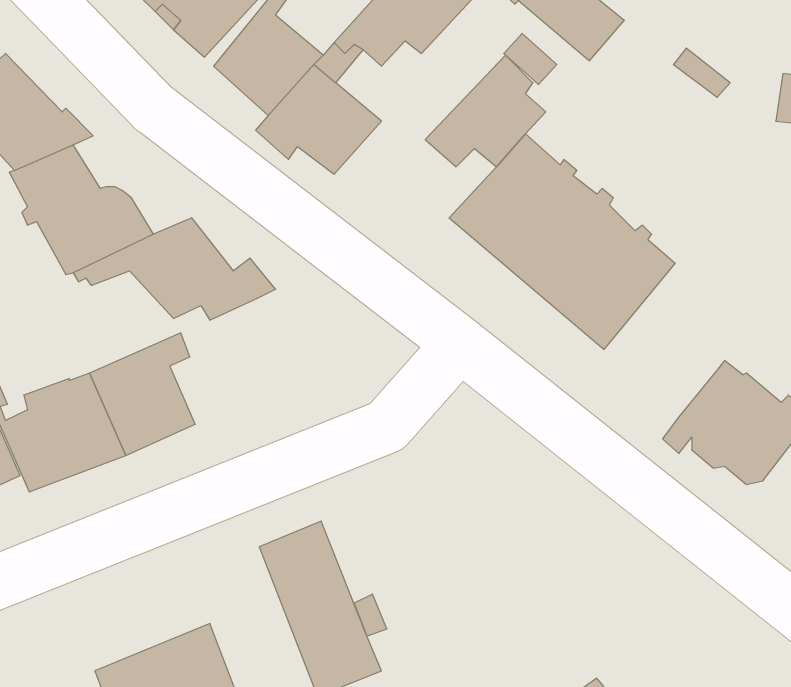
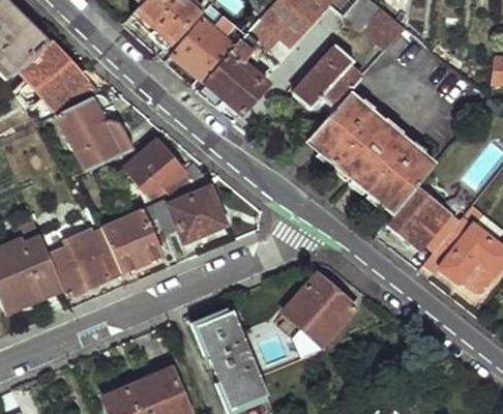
building: none -> [153,184,224,242]
building: none -> [390,189,458,252]
building: none -> [285,274,356,346]

